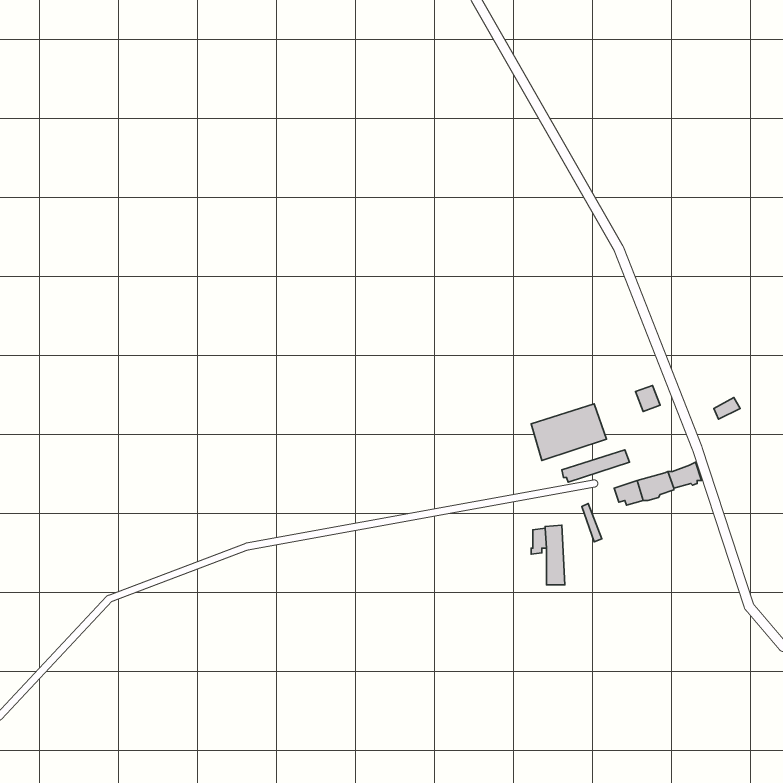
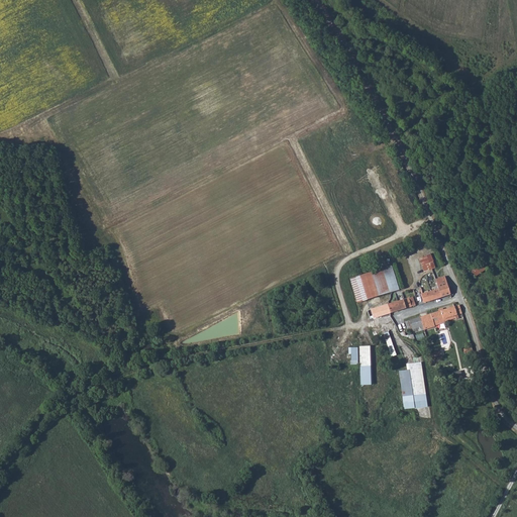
building: none -> [420,276,449,303]
building: none -> [398,361,426,409]

